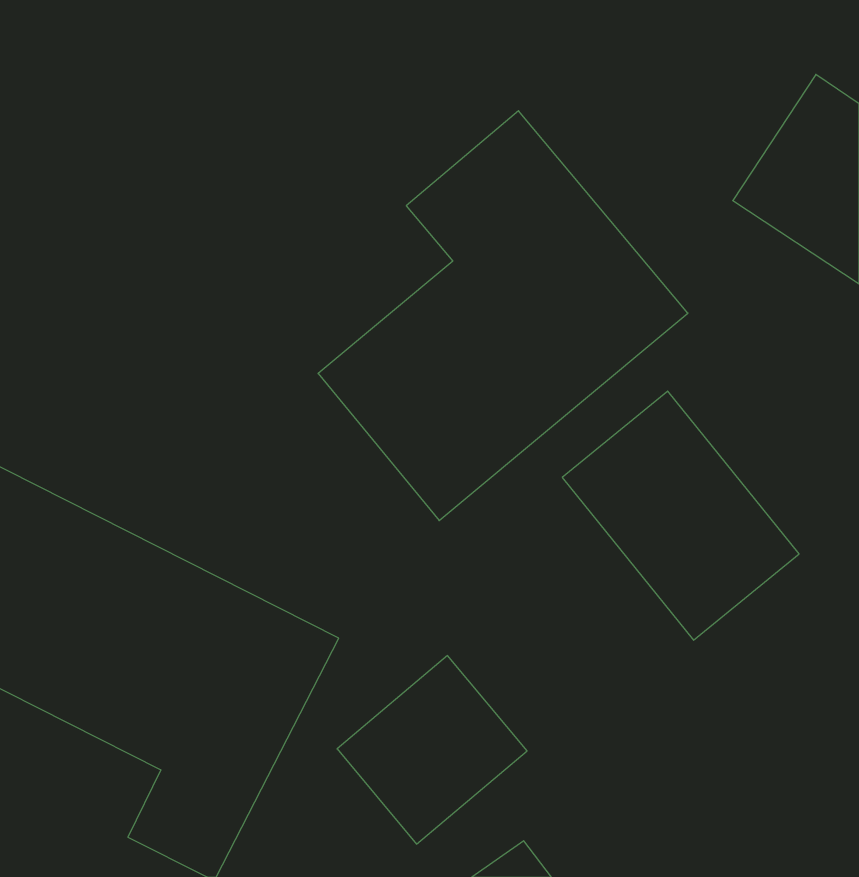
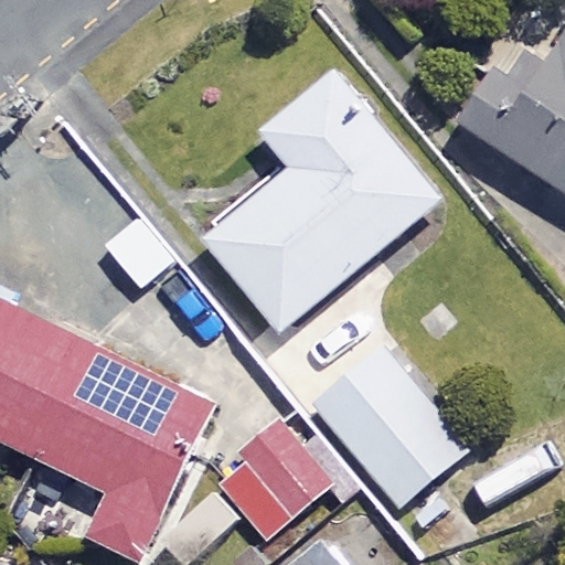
building: [562,391,799,640] -> [312,348,463,507]

